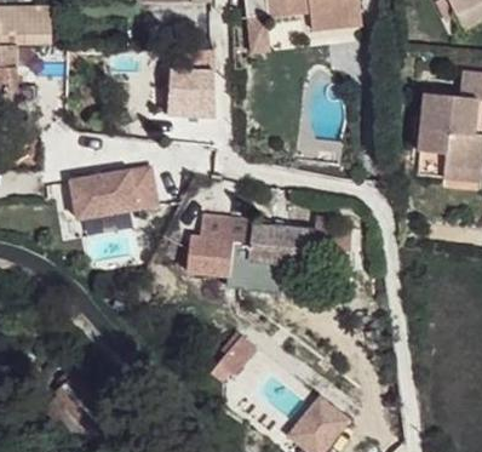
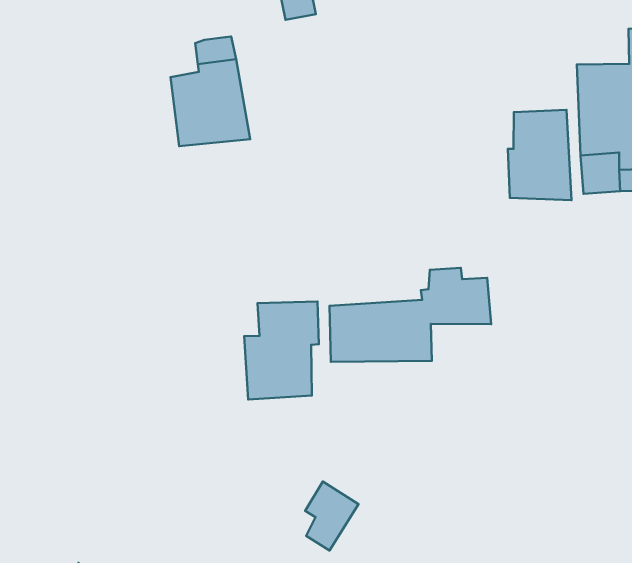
building: none -> [508,110,571,200]
building: [73,172,142,221] -> none

